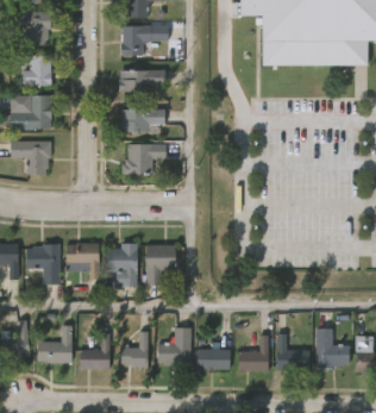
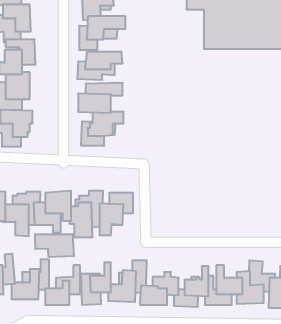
building: none -> [35,234,74,257]

